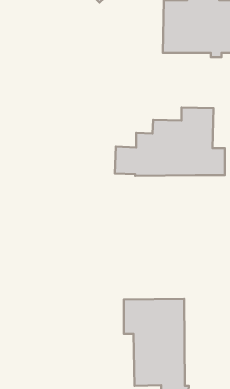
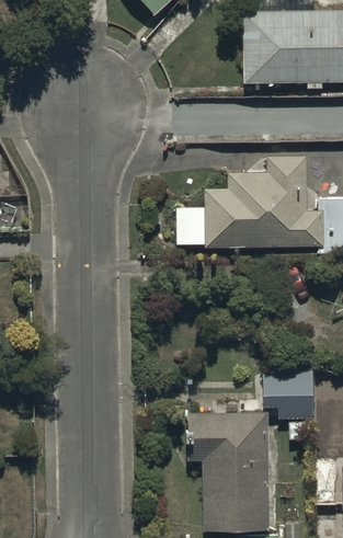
building: none -> [265,369,315,407]

